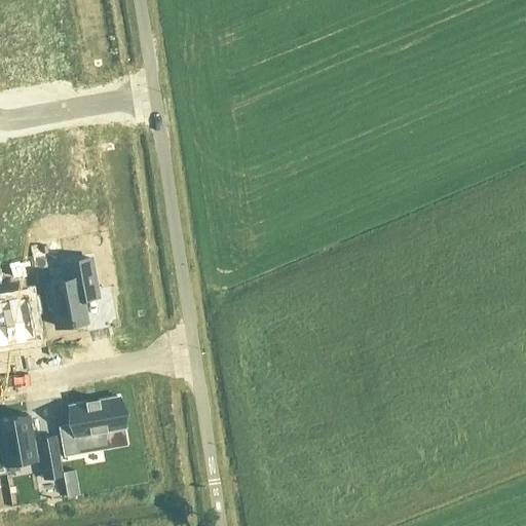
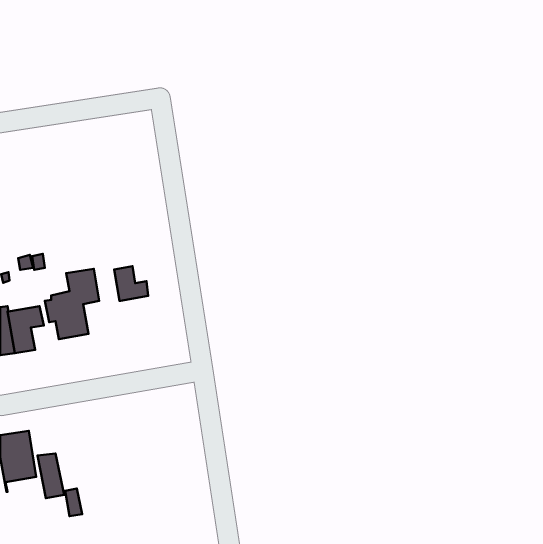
building: none -> [114,266,148,301]
building: [60,398,126,458] -> none

